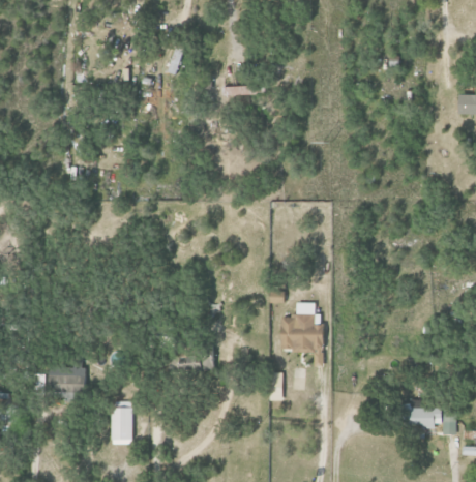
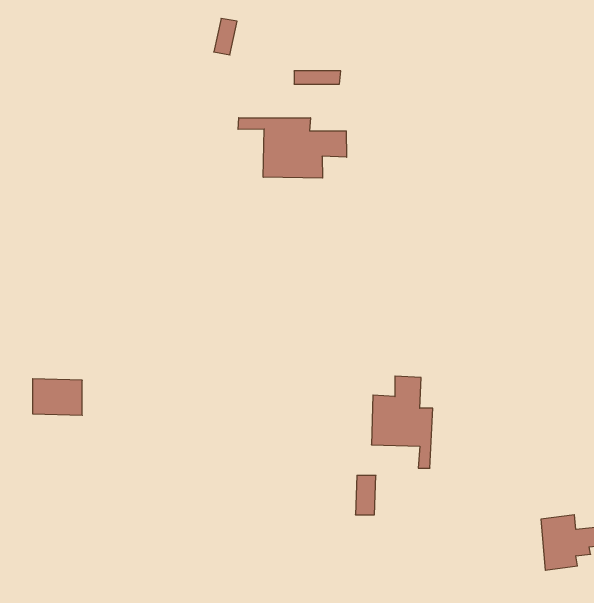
building: none -> [238,118,347,178]
building: [50,365,85,391] -> [33,379,82,415]
building: [112,401,132,444] -> none

